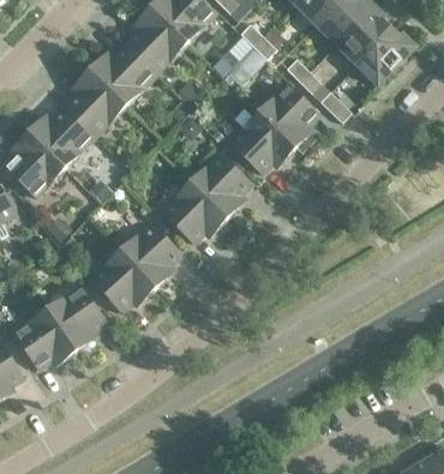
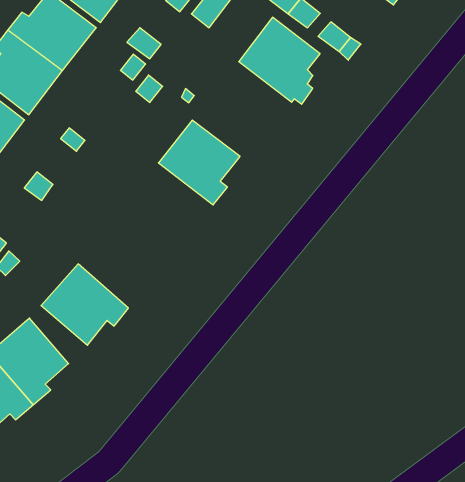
building: [229,113,294,173] -> none
building: [162,181,227,242] -> none
building: [121,222,181,287] -> none

